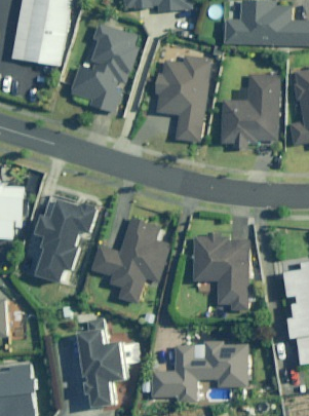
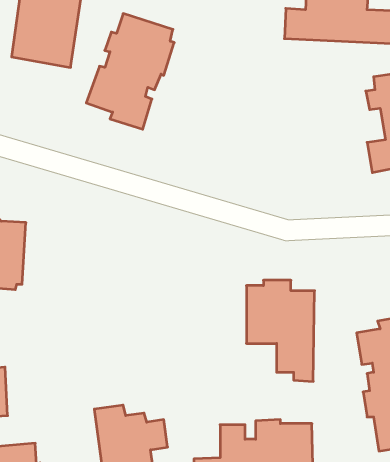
building: [156,55,210,141] -> none
building: [223,74,278,148] -> none
building: [37,200,95,282] -> none
building: [92,218,169,303] -> none

